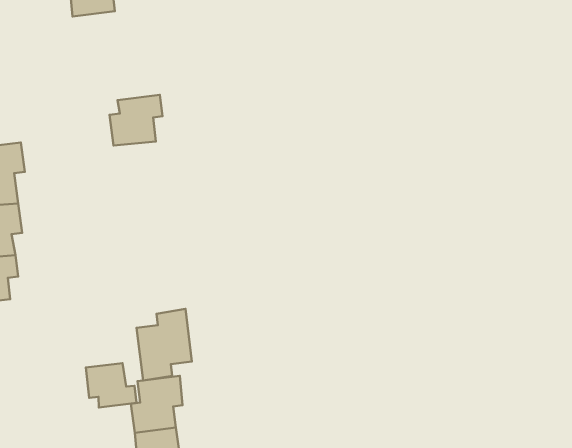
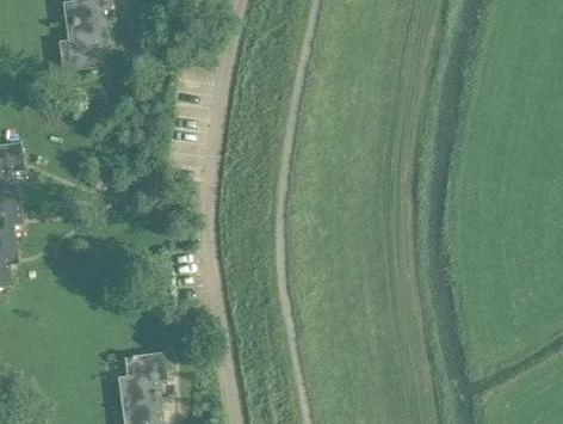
building: [109,95,162,145] -> [58,24,106,69]
building: [137,309,192,381] -> none
building: [86,363,137,408] -> none

